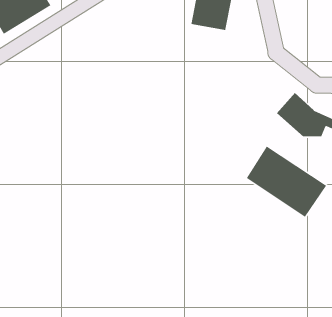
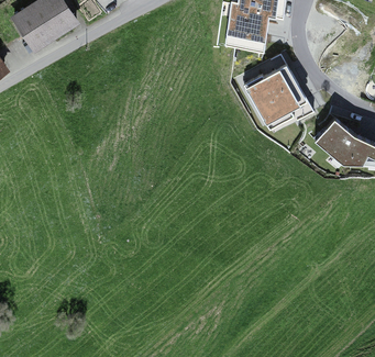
building: none -> [245,68,306,123]
building: [246,146,327,218] -> none

